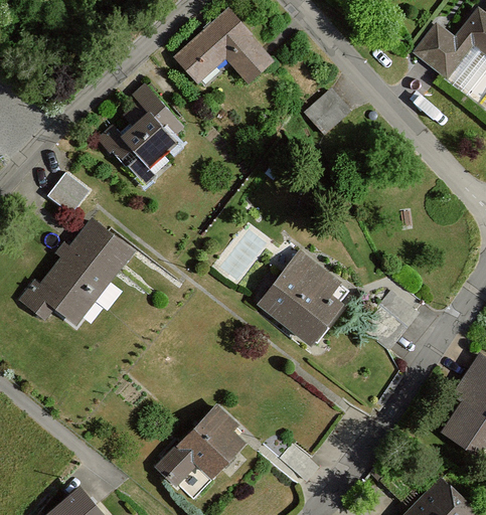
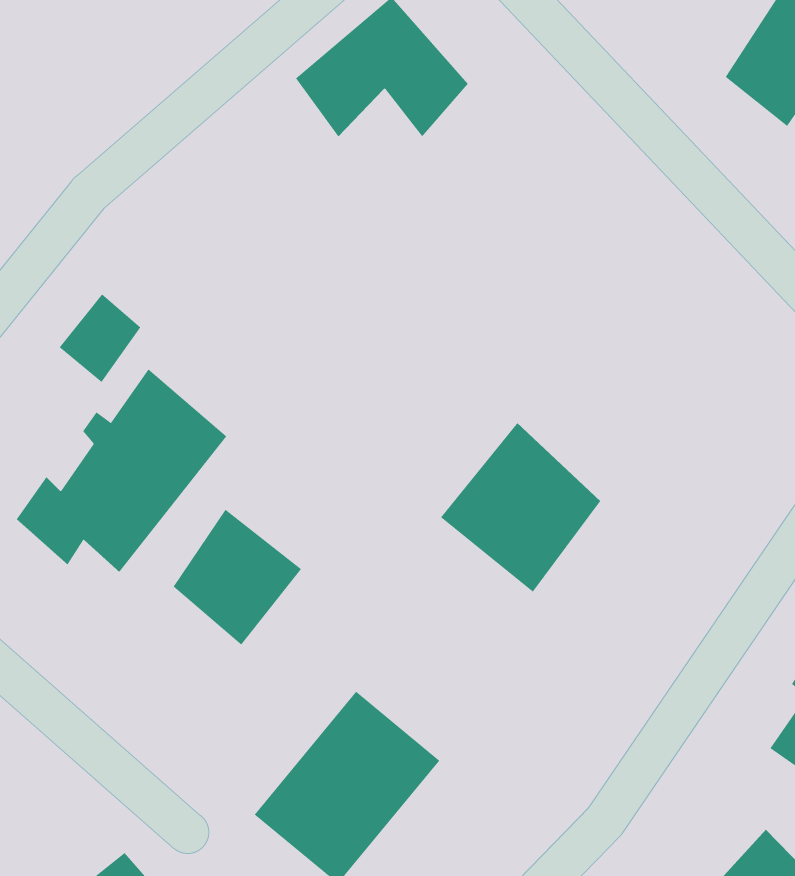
building: [101,82,188,194] -> none
building: [307,85,354,132] -> none
building: none -> [173,509,302,645]

